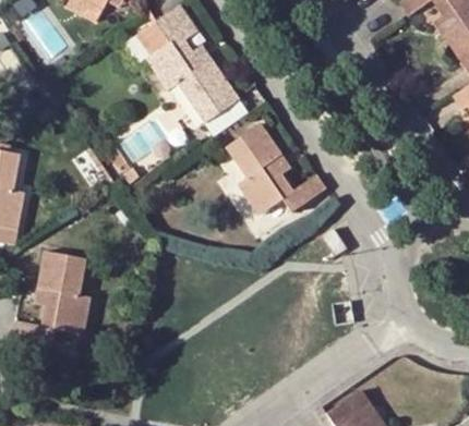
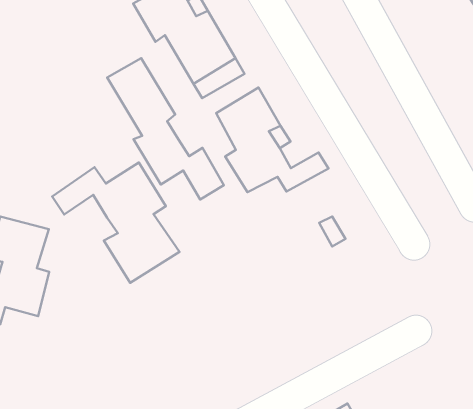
building: none -> [107,58,224,199]
building: none -> [52,162,179,283]

